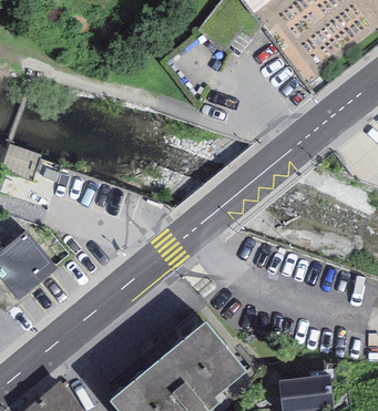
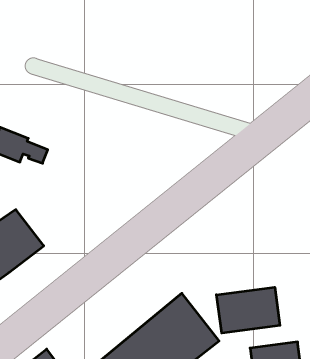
building: none -> [216,287,280,333]

